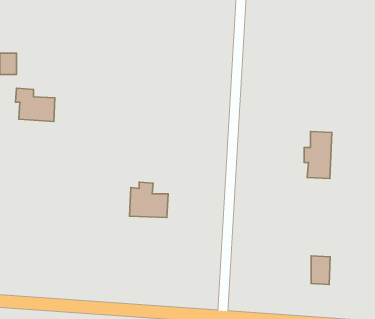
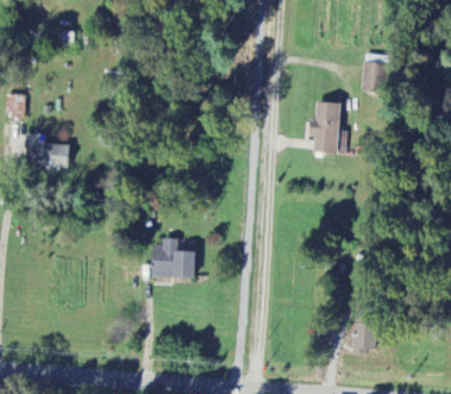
building: none -> [362,62,386,90]
building: [304,132,332,178] -> [308,101,339,154]

